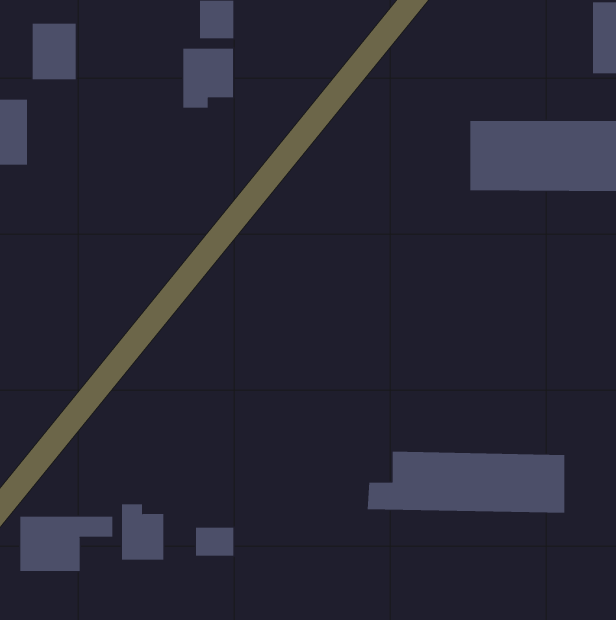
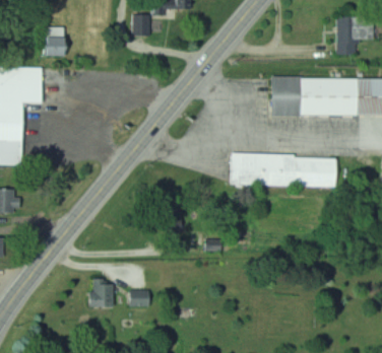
building: [183,48,234,109] -> none
building: [367,451,565,513] -> [233,154,336,187]
building: [20,516,113,572] -> none

